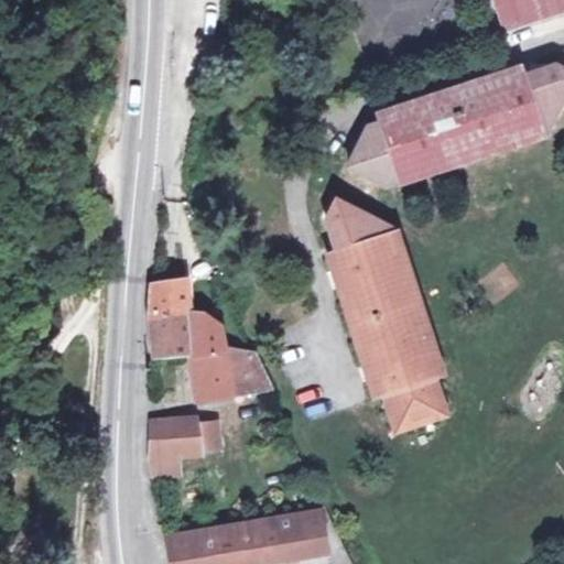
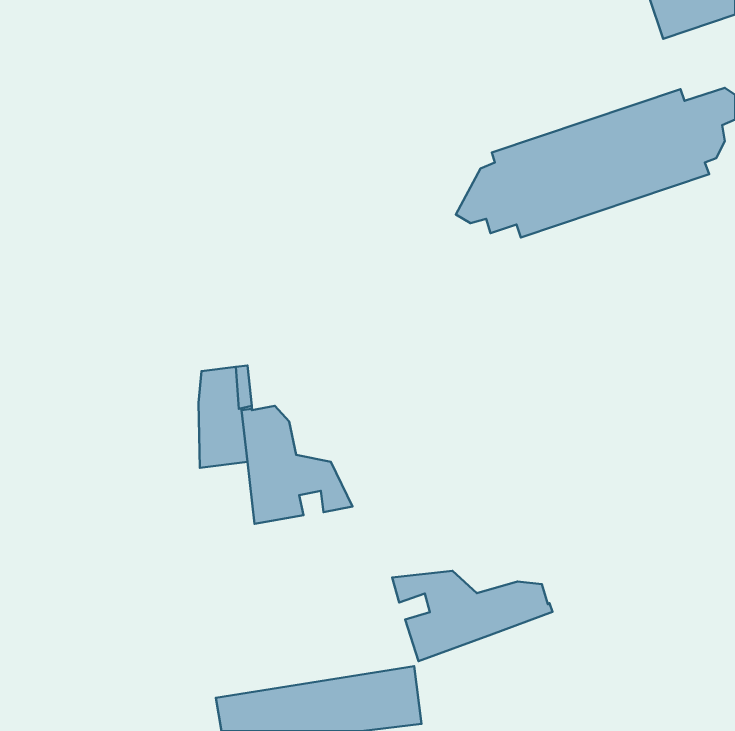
building: [327,206,441,426] -> none
building: [148,417,220,479] -> none
building: none -> [392,571,553,661]

